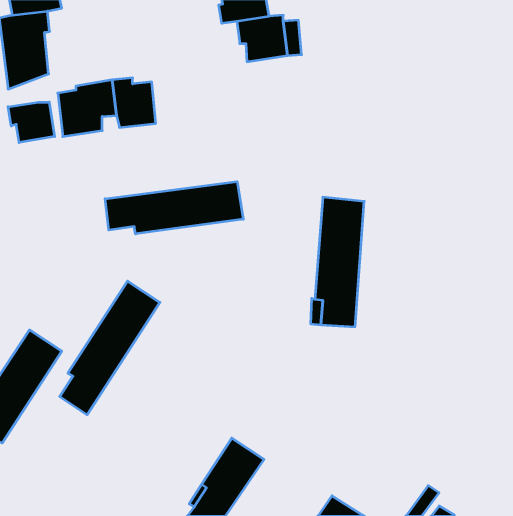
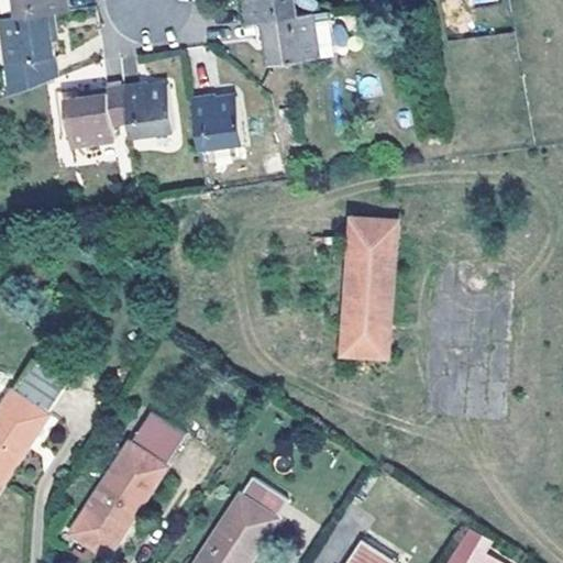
building: none -> [191,98,239,152]
building: [8,102,55,143] -> none
building: [105,182,243,234] -> none
building: [60,281,160,415] -> [77,410,186,555]

